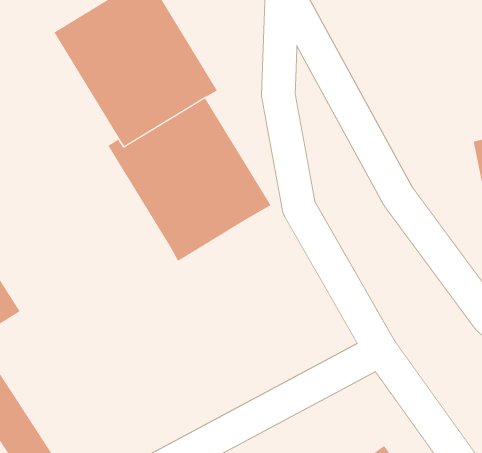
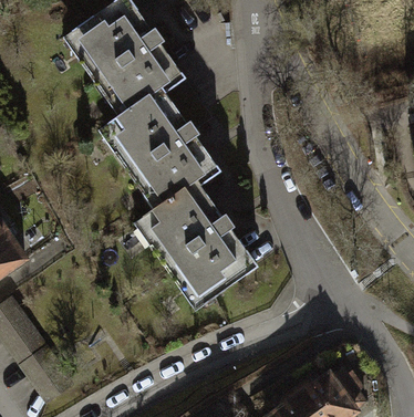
building: none -> [135,189,267,317]

